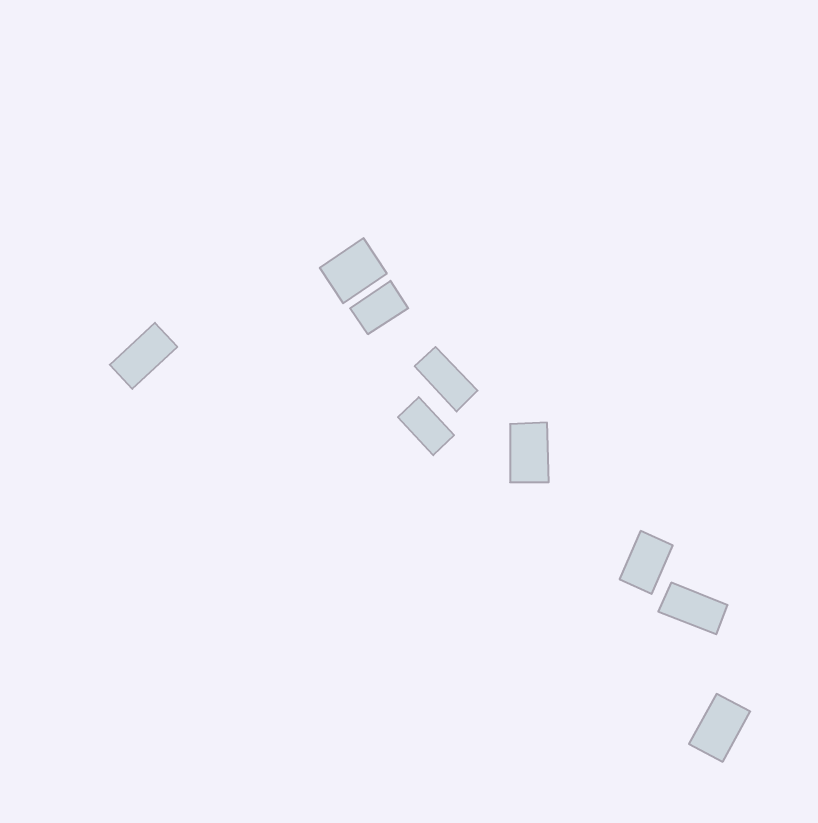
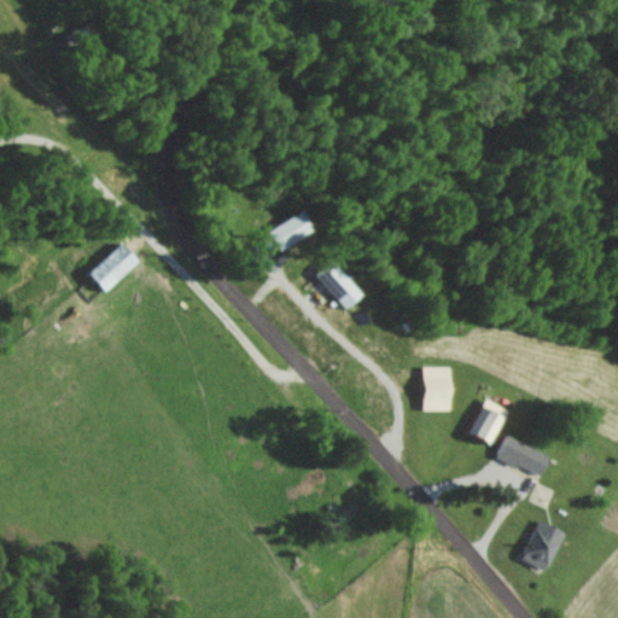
building: [320,238,387,303] -> none
building: [398,397,454,455] -> none
building: [510,423,549,482] -> [422,366,451,410]

